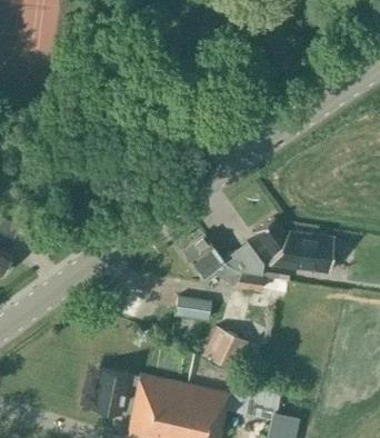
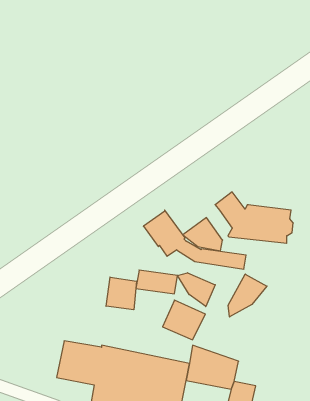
building: none -> [178,273,215,307]
building: none -> [228,274,267,317]
building: none -> [106,277,137,310]

